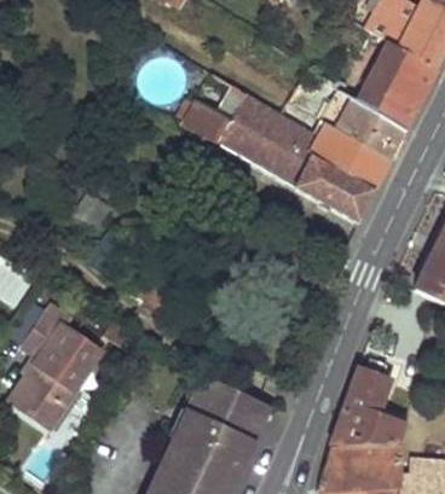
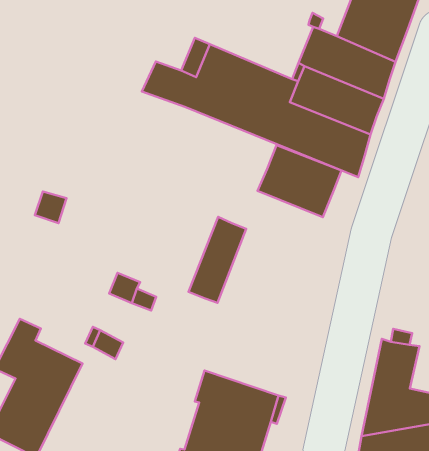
building: none -> [257,145,341,217]
building: none -> [189,217,246,303]

